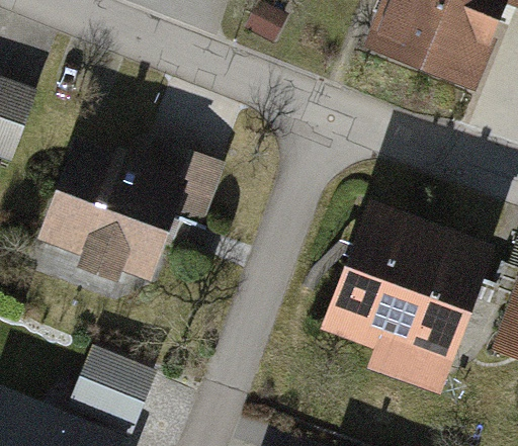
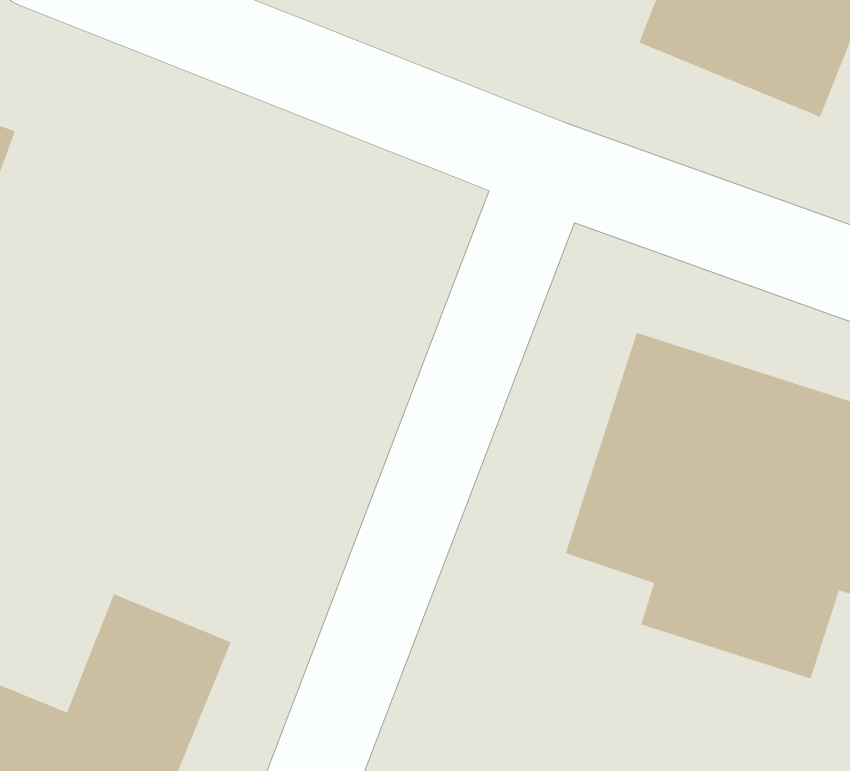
building: [42,133,219,281] -> none

